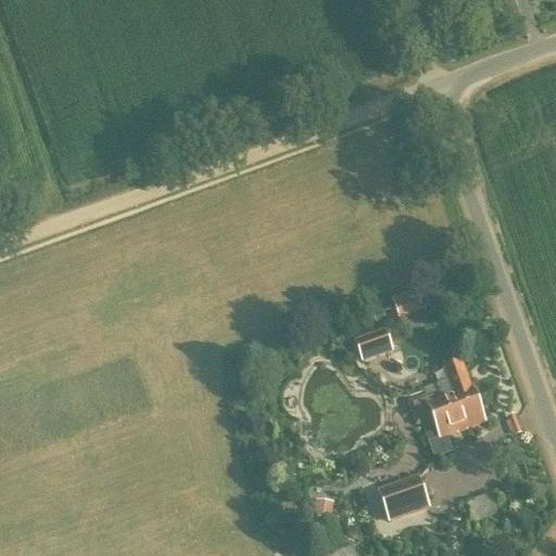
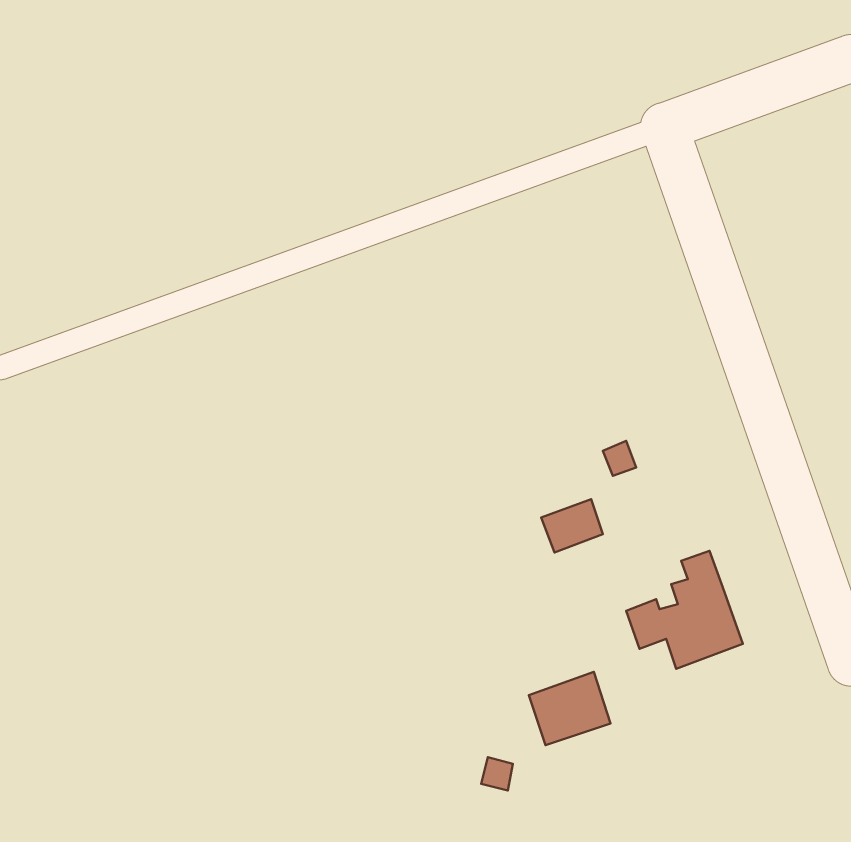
building: [377,472,430,520] -> [529,672,610,745]

